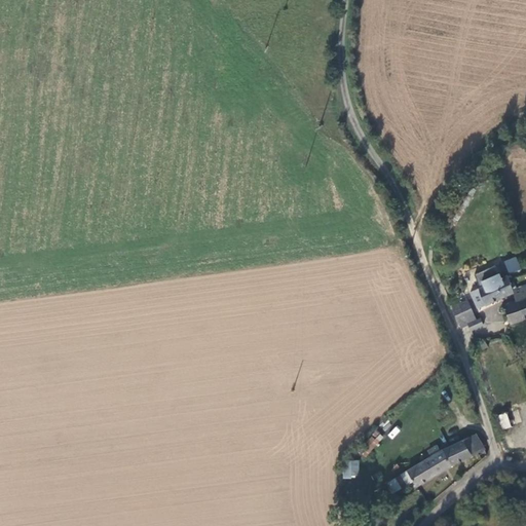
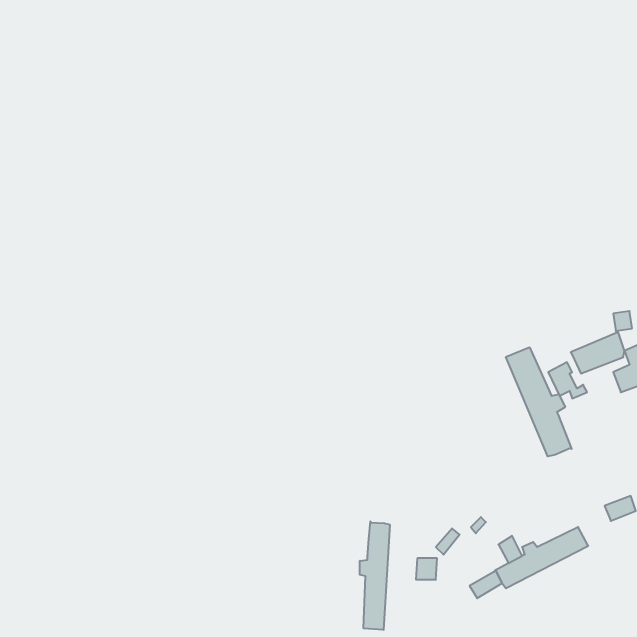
building: none -> [506,347,572,456]
building: none -> [360,521,390,630]

